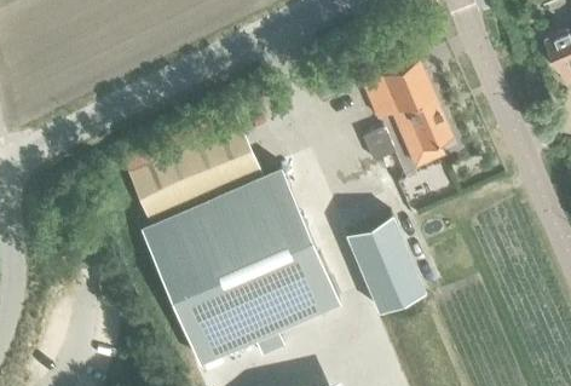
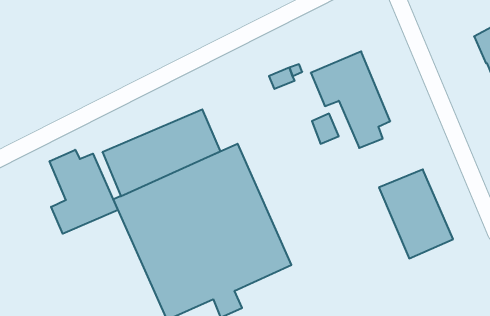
building: none -> [50,150,118,234]
building: [347,219,431,319] -> [379,169,453,258]

